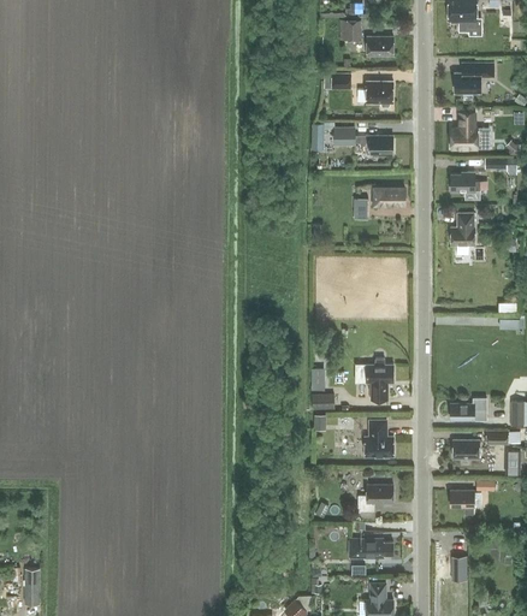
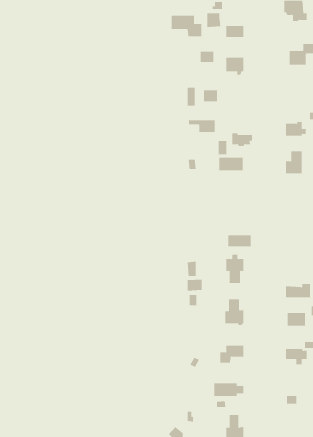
building: none -> [171,15,202,37]
building: [450,111,478,148] -> none
building: [355,135,393,153] -> [188,120,215,133]
building: none -> [219,157,243,171]
building: none -> [228,235,251,247]

